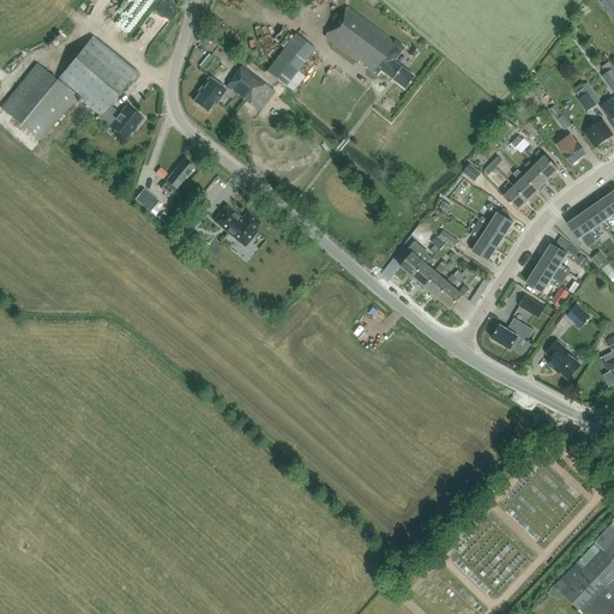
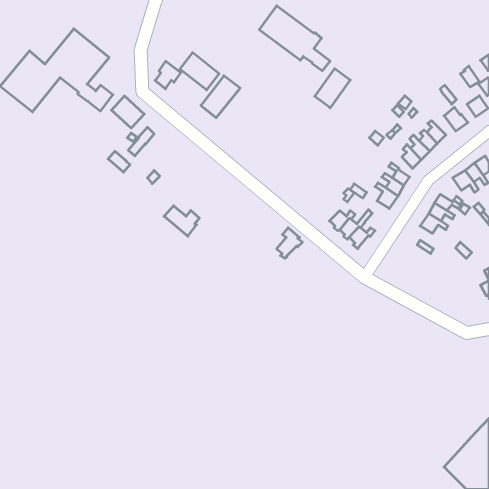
building: [266,34,315,86] -> [201,76,240,118]
building: none -> [315,69,350,108]
building: none -> [111,96,144,128]
building: [215,207,259,246] -> [164,206,199,236]
building: [401,241,433,279] -> [277,228,302,258]
building: [492,318,534,349] -> none
building: [547,341,582,379] -> none

